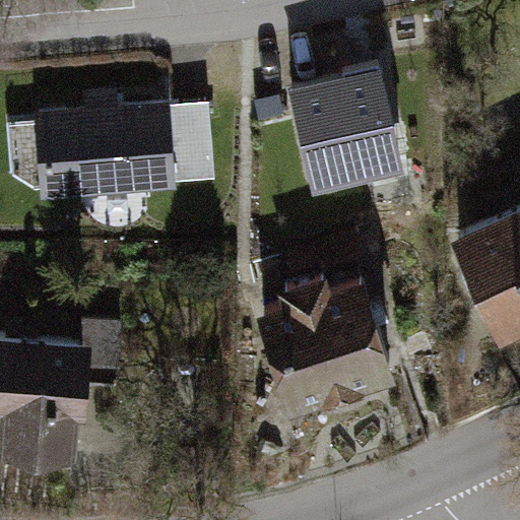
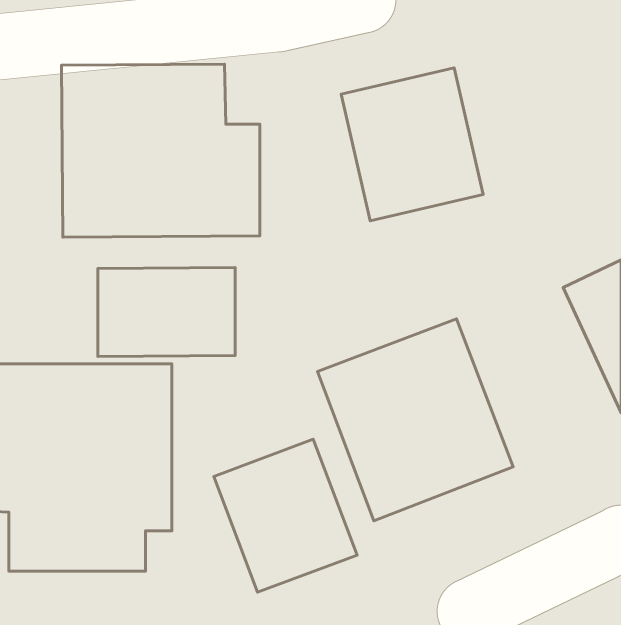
building: none -> [98,268,235,357]
building: none -> [214,439,357,592]

